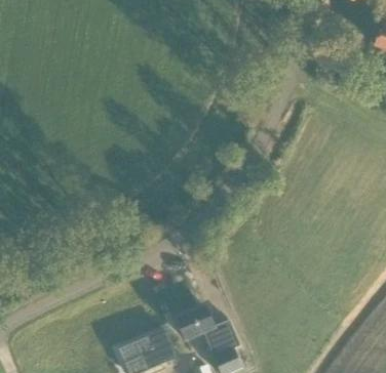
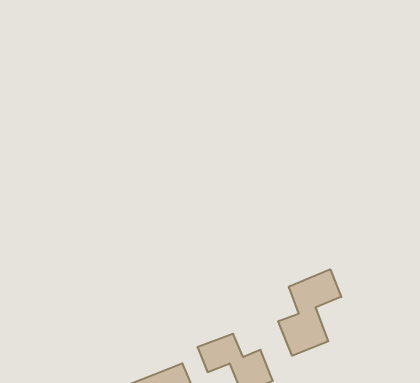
building: none -> [278,269,341,356]

